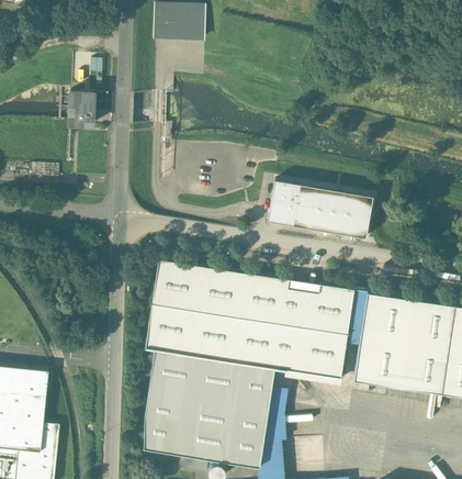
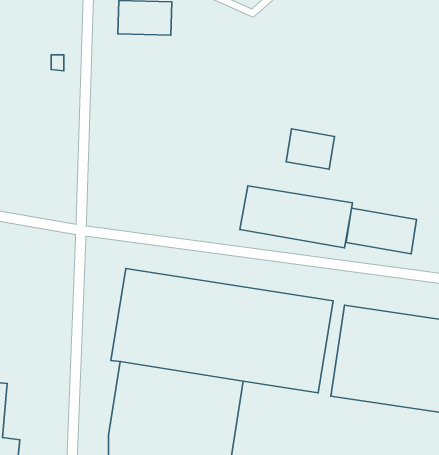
building: [66,89,94,126] -> none
building: none -> [286,129,335,169]
building: none -> [346,208,417,254]

